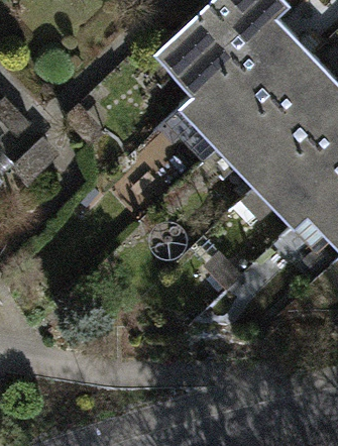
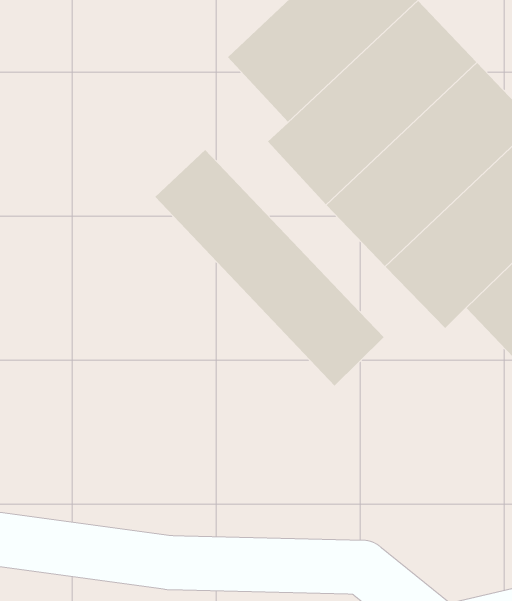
building: none -> [155,149,385,386]

